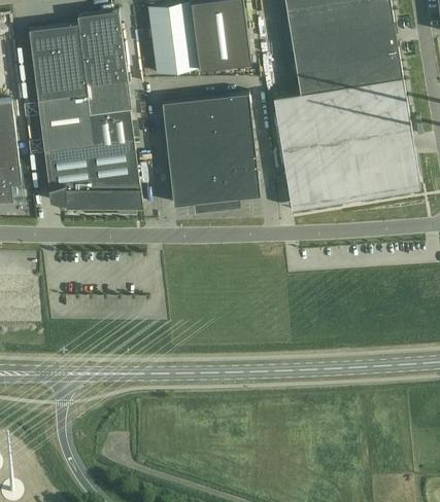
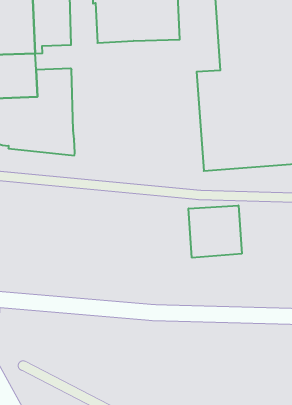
building: [87,82,131,114] -> none
building: [162,96,260,208] -> none
building: none -> [189,205,242,258]

